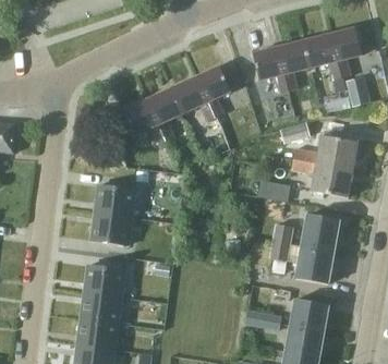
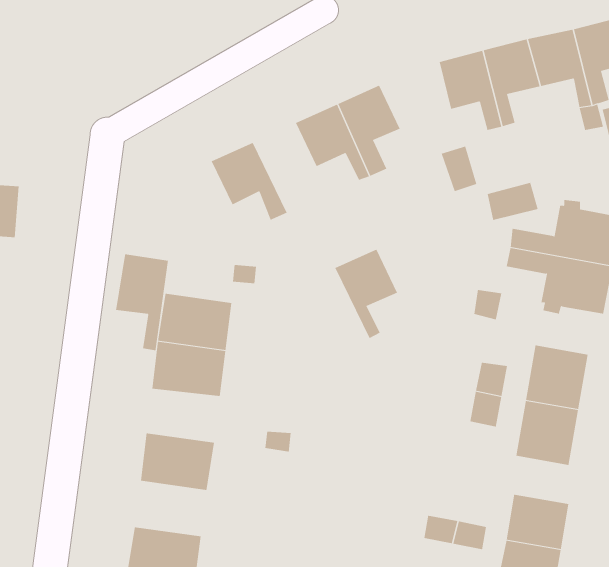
building: [147,88,183,139] -> [335,249,398,339]
building: none -> [116,254,169,351]
building: [80,292,121,324] -> none

